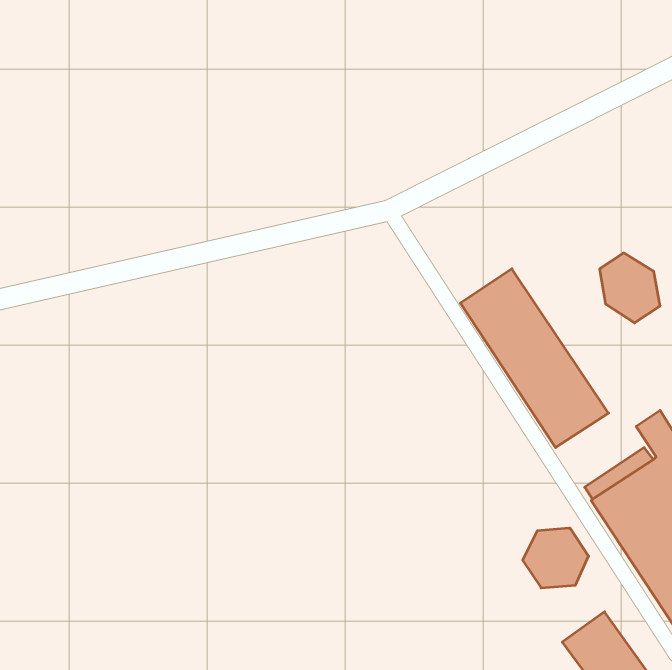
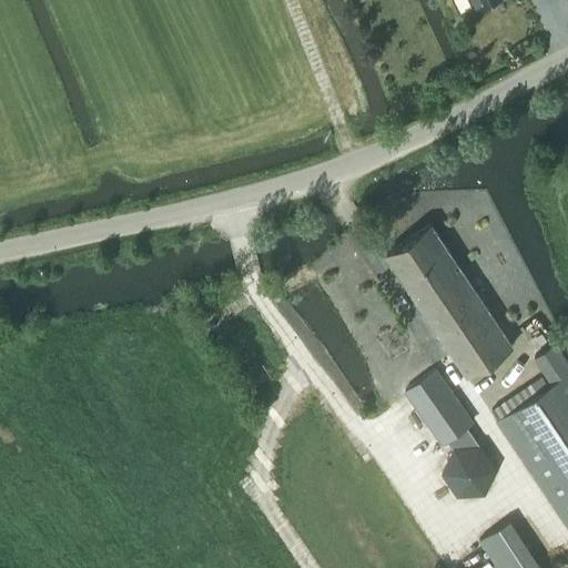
building: [600,253,660,323] -> none
building: none -> [408,375,480,450]

